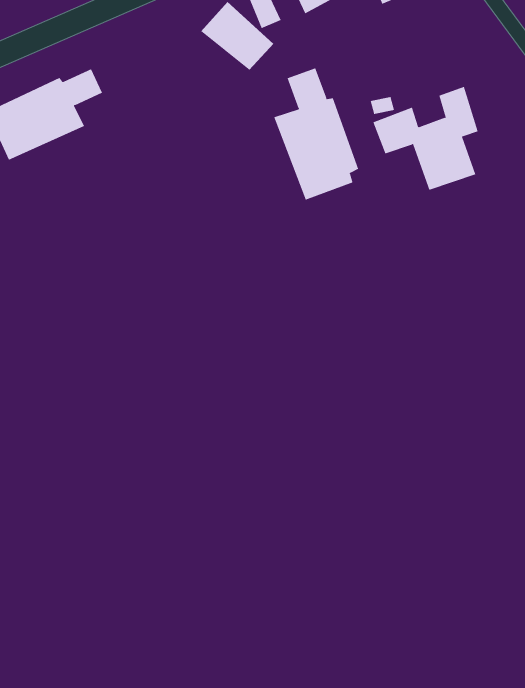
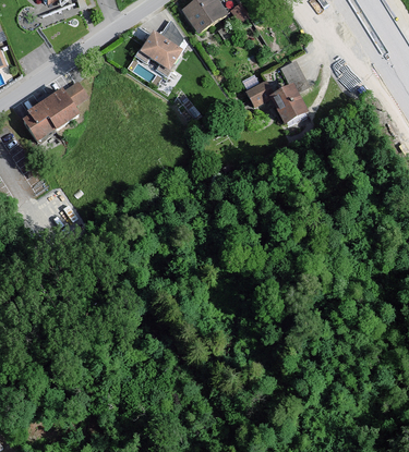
building: [274,68,359,200] -> none

